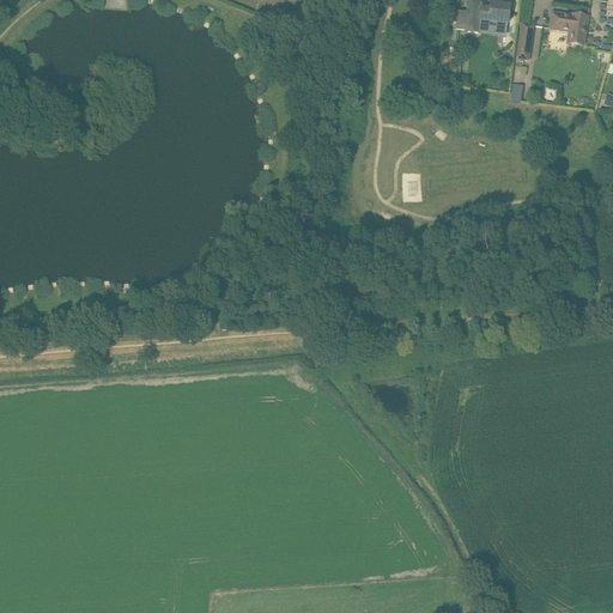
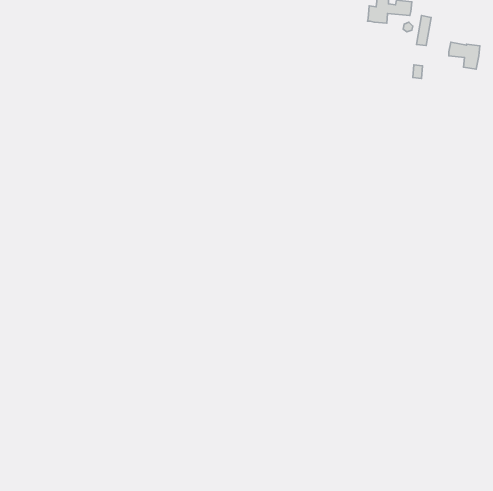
building: [551,8,589,42] -> [449,42,480,69]

